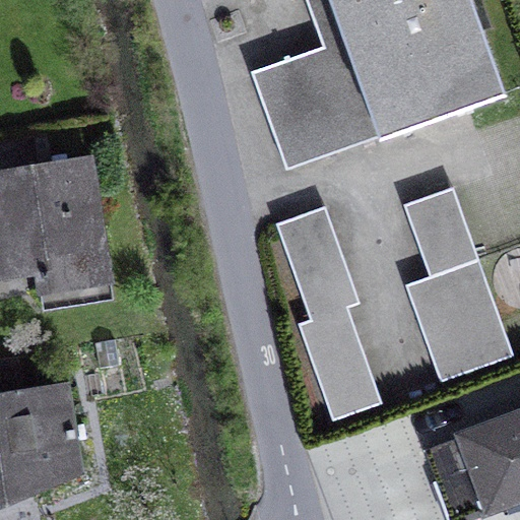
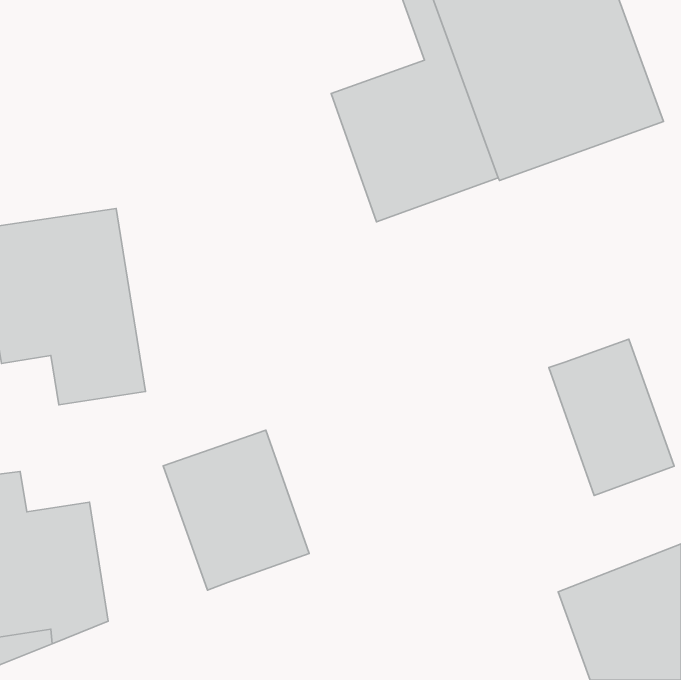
building: [404,186,478,275] -> none
building: [276,205,382,419] -> none
building: none -> [163,430,309,590]

